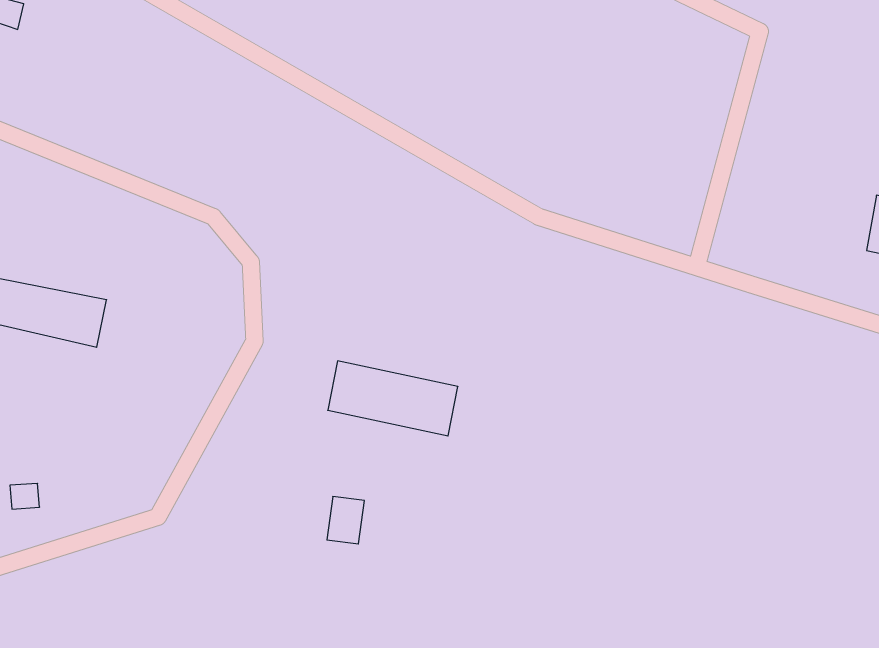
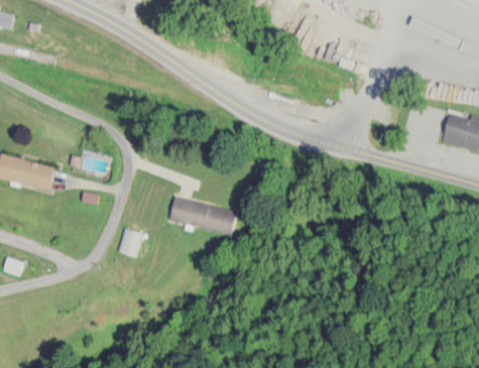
building: [327,497,364,544] -> [121,231,140,255]

